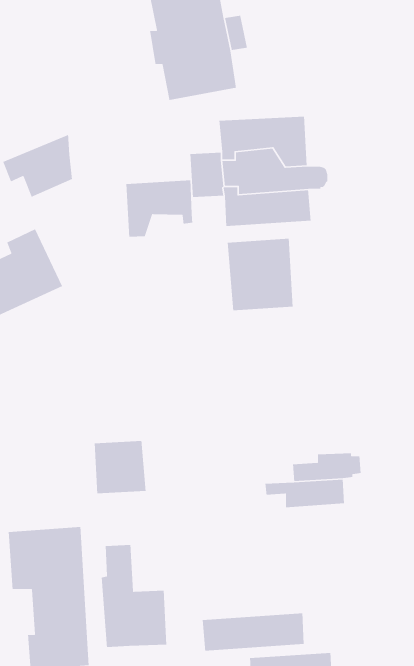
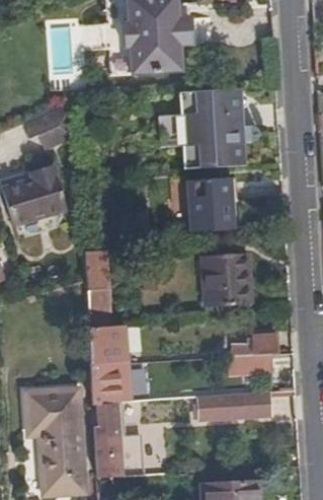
building: [125,179,193,238] -> none
building: none -> [201,248,248,301]
building: none -> [82,251,106,314]
building: none -> [90,363,130,404]
building: [202,613,305,651] -> [196,391,271,420]

